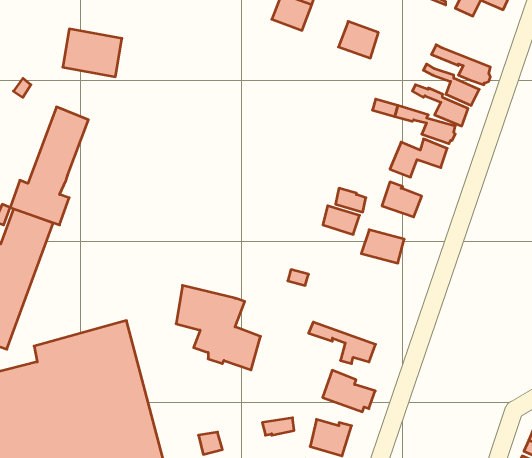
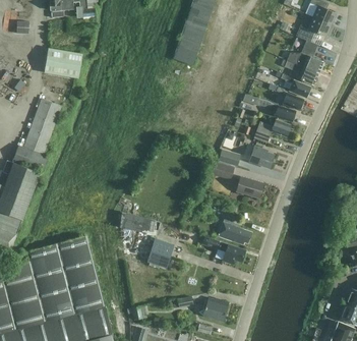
building: none -> [287,40,322,72]
building: [338,21,378,58] -> [172,42,197,65]
building: [323,370,375,412] -> [218,218,251,244]

